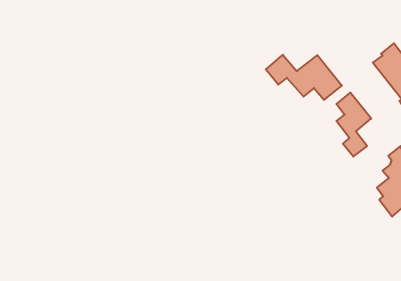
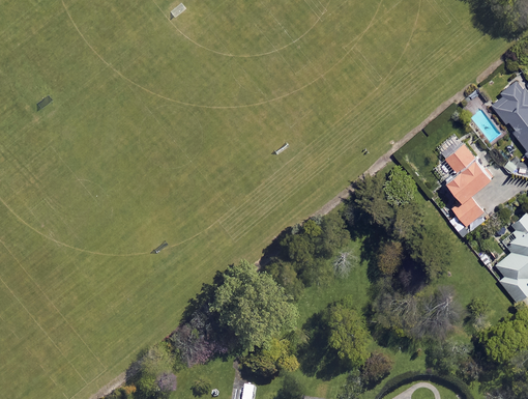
building: [266,55,342,100] -> none

